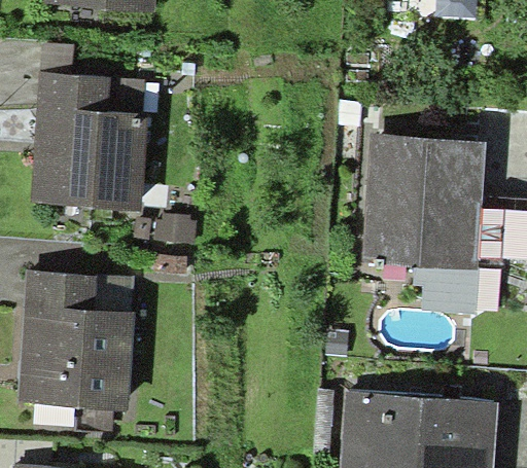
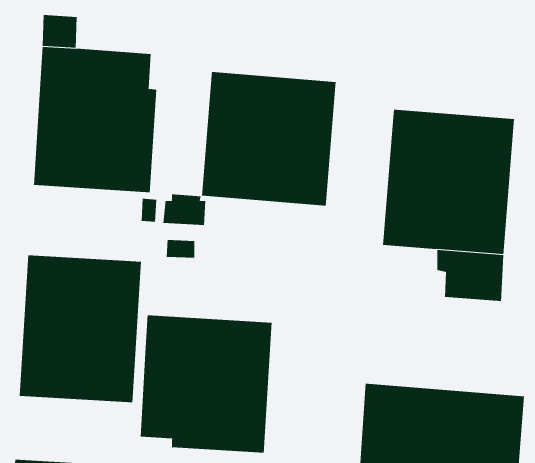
building: none -> [202,71,336,207]
building: none -> [140,314,272,453]

